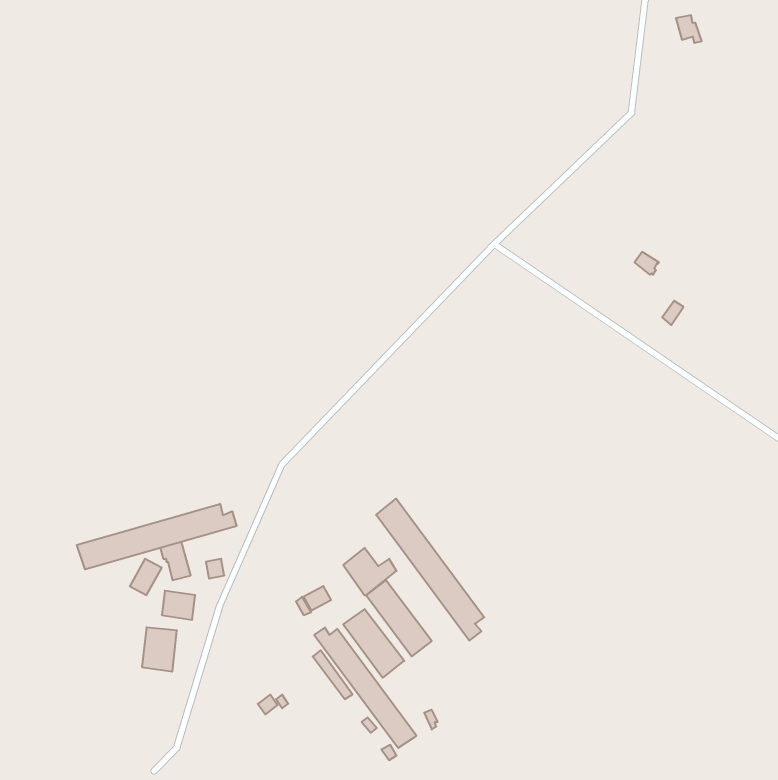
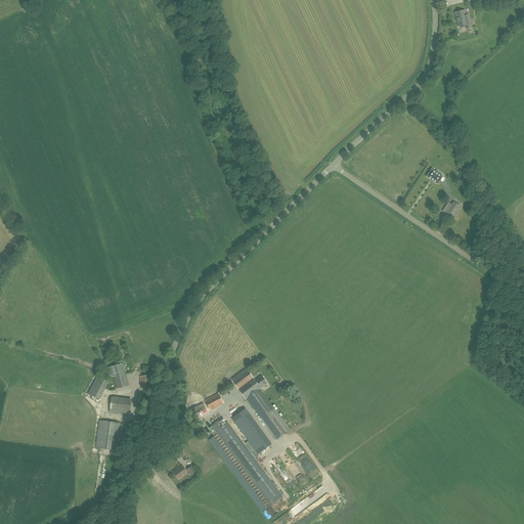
building: [376,499,484,641] -> none
building: [77,504,237,569] -> none

